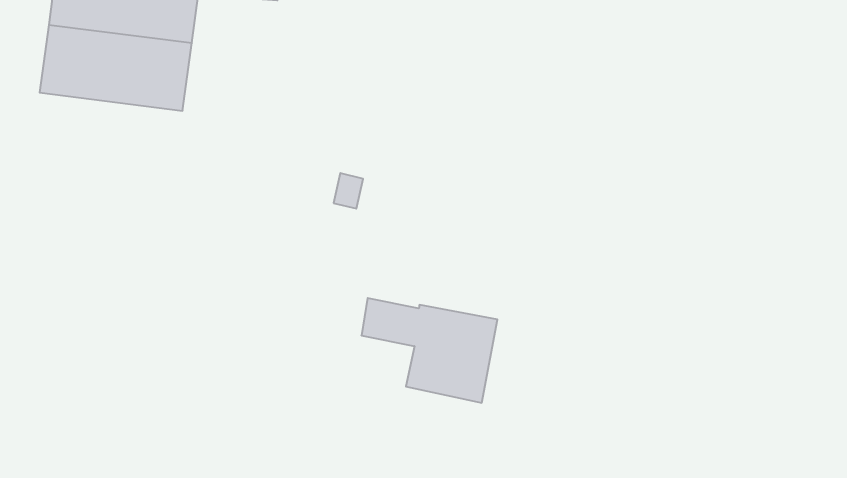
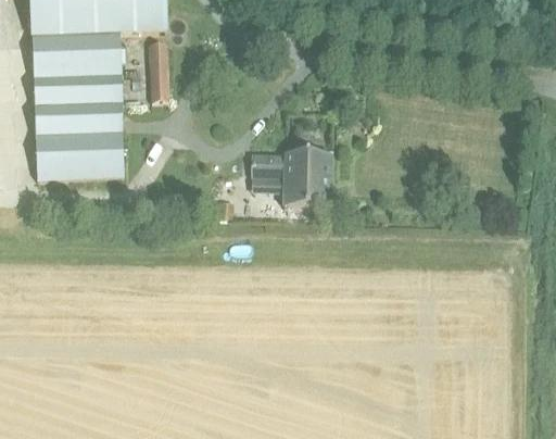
building: [361,298,497,403] -> [253,152,332,204]

